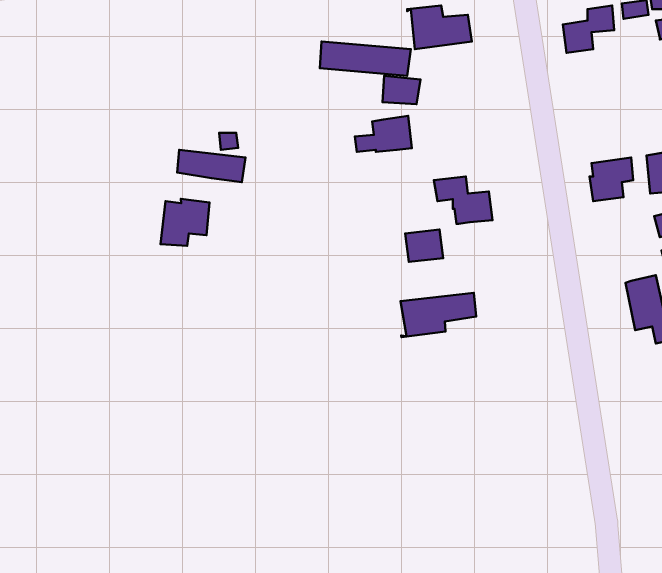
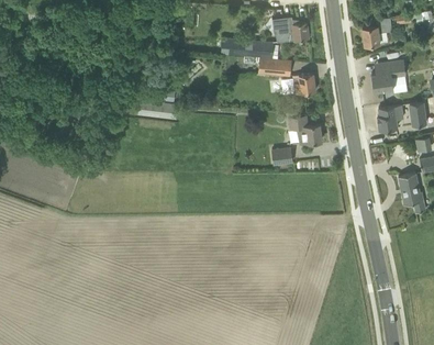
building: none -> [371,59,405,90]
building: [355,116,412,152] -> [282,73,315,93]
building: [161,199,210,246] -> none
building: [401,293,476,337] -> none

